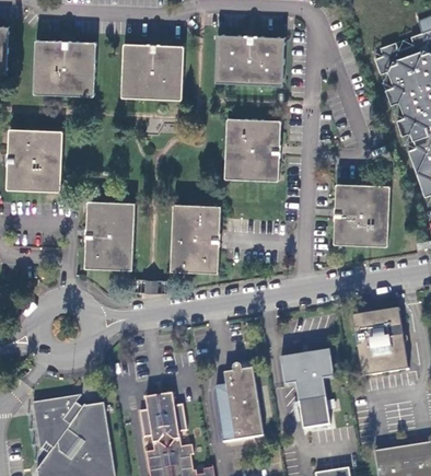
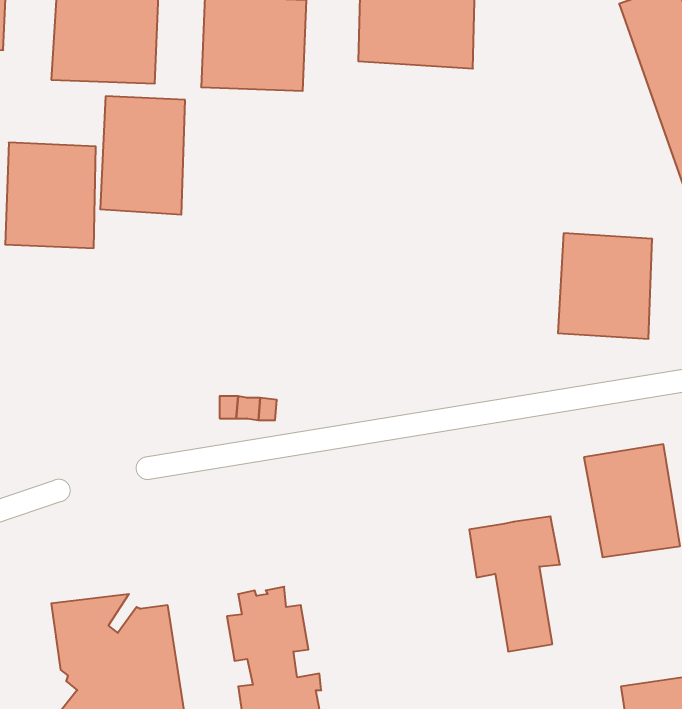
building: [225,118,281,181] -> none
building: [83,201,133,271] -> [100,96,185,215]
building: [170,205,220,274] -> none
building: [214,360,264,443] -> none

